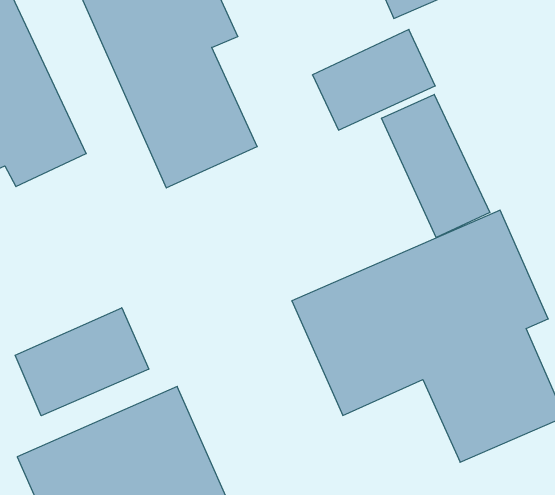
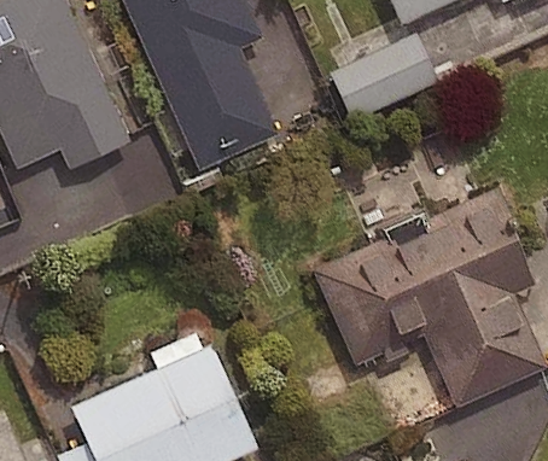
building: [382,94,490,237] -> none
building: [15,308,149,416] -> none

